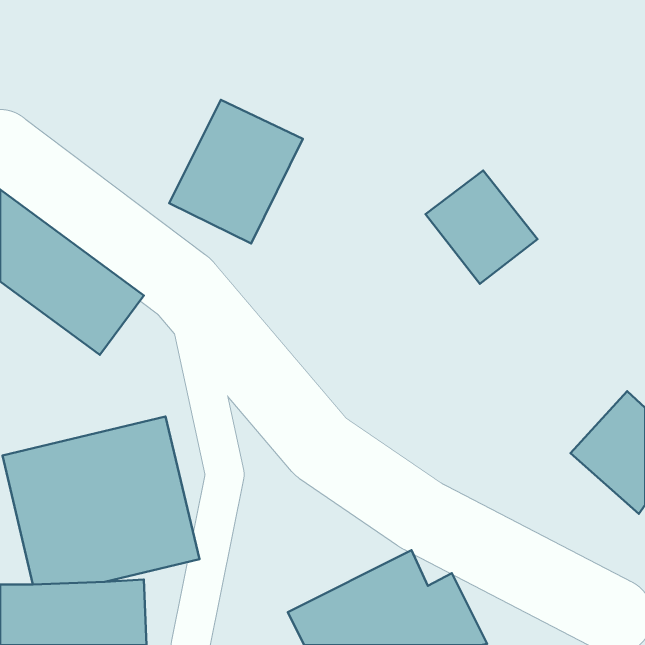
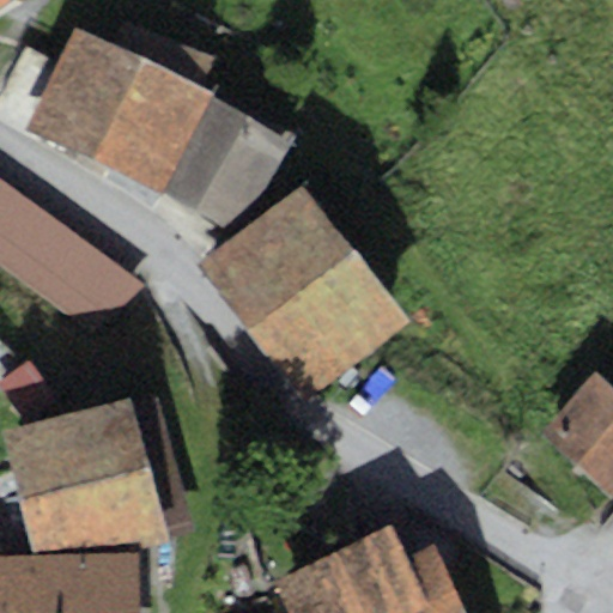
building: none -> [24,14,212,193]
building: [426,170,537,284] -> none
building: none -> [199,184,406,399]

